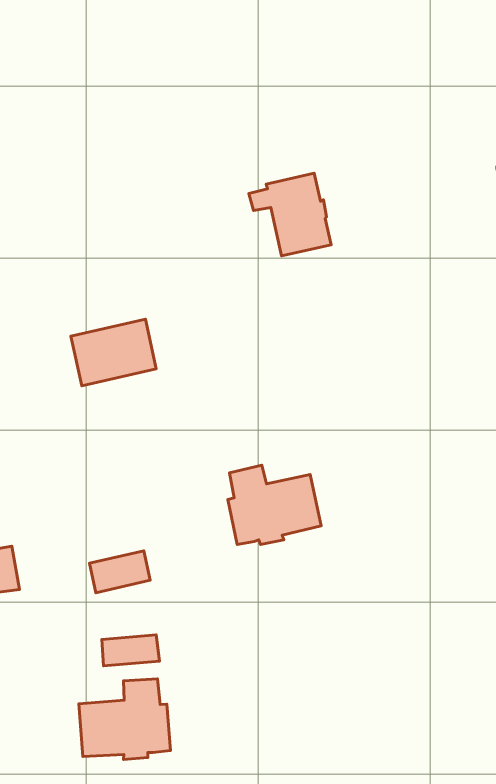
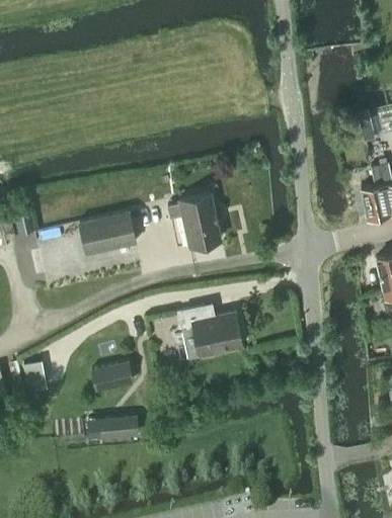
building: [249,173,331,256] -> [168,193,222,247]
building: [79,679,171,760] -> none

